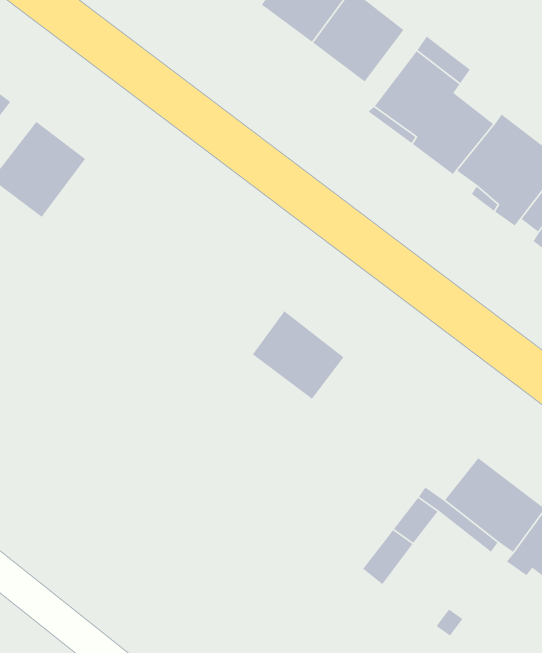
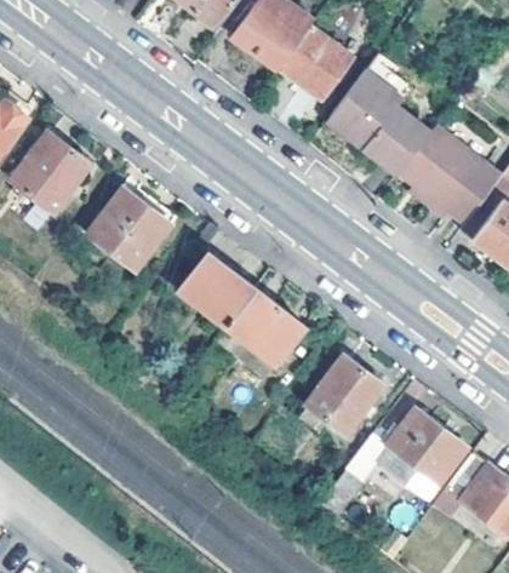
building: none -> [90,189,171,270]
building: none -> [179,253,254,326]
building: none -> [307,356,383,434]

